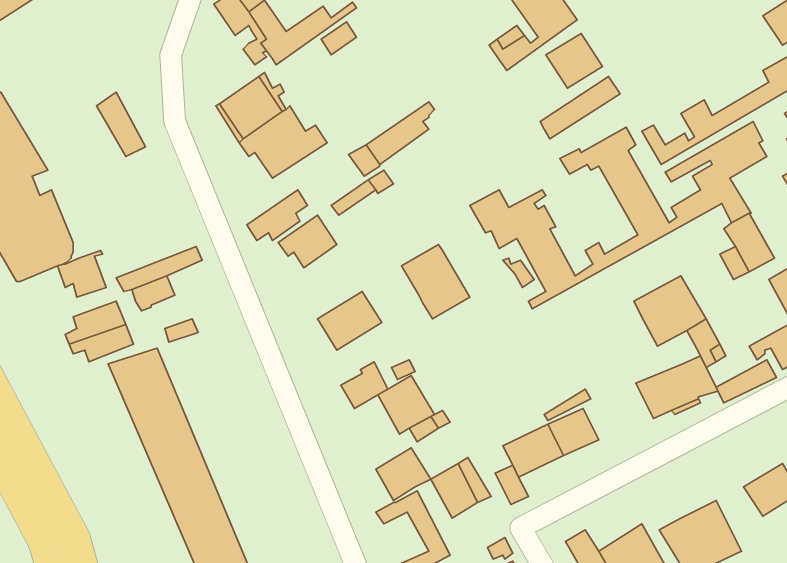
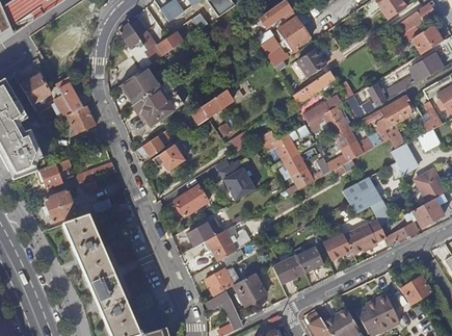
building: none -> [22,74,52,104]
building: none -> [62,105,97,136]
building: none -> [324,233,352,259]

